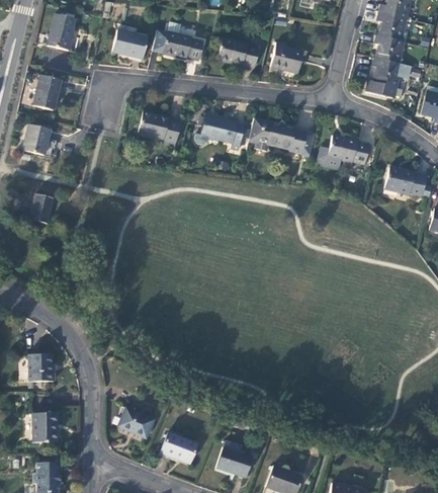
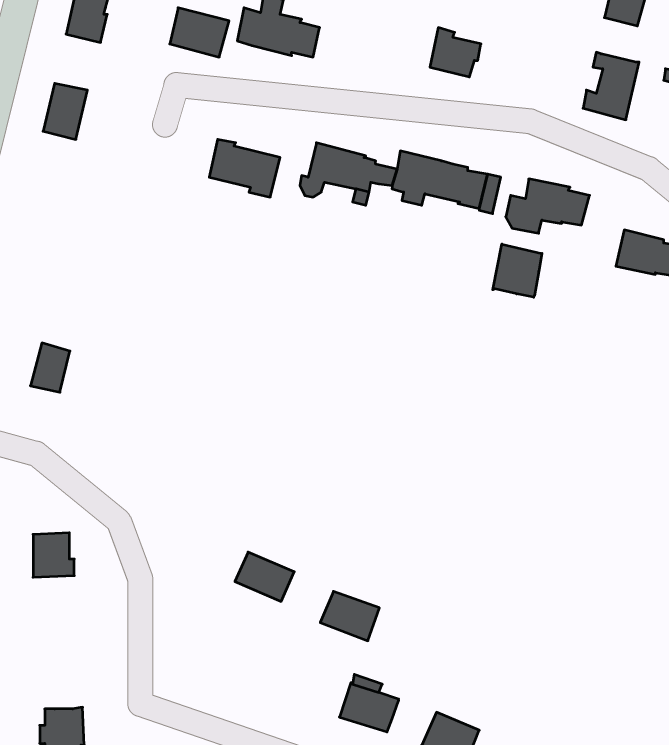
building: [374,35,403,63] -> none
building: [218,37,261,67] -> none
building: [23,125,52,155] -> none
building: none -> [493,244,542,297]
building: [30,193,55,224] -> [30,343,70,392]
building: [117,406,154,436] -> [235,552,294,601]
building: [32,410,56,439] -> none
building: [161,431,197,462] -> [320,591,379,641]

